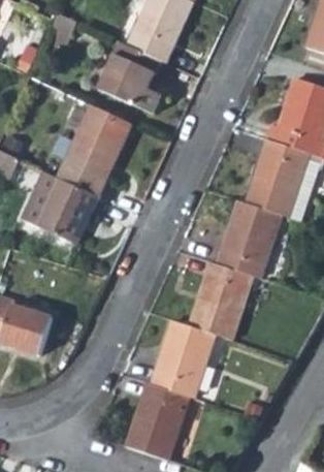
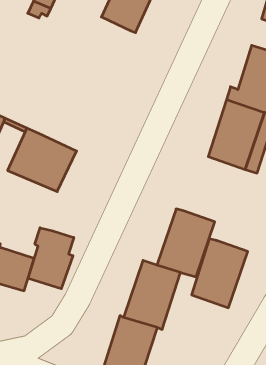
building: [97,41,161,114] -> none
building: [56,104,132,196] -> none
building: [218,200,281,278] -> [192,239,248,308]
building: none -> [28,228,74,289]

